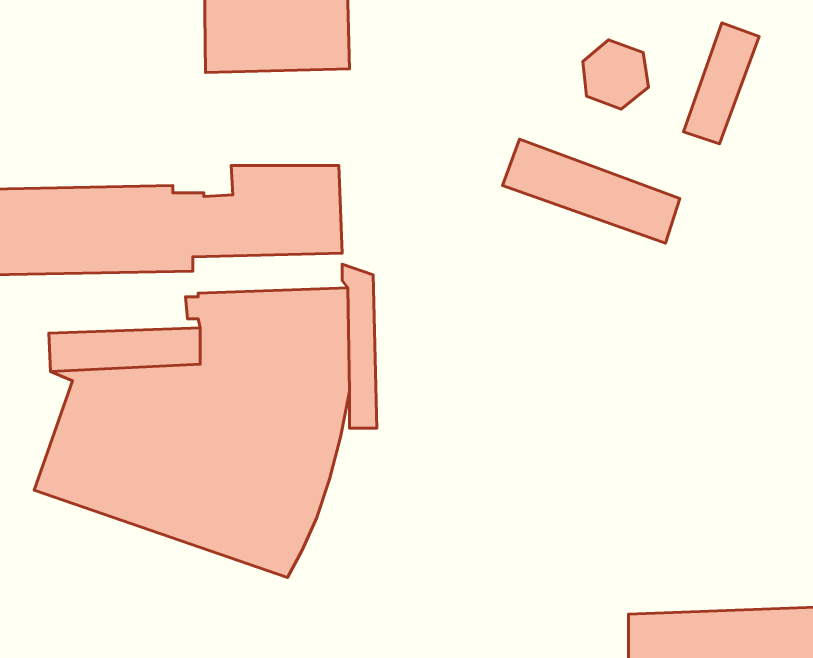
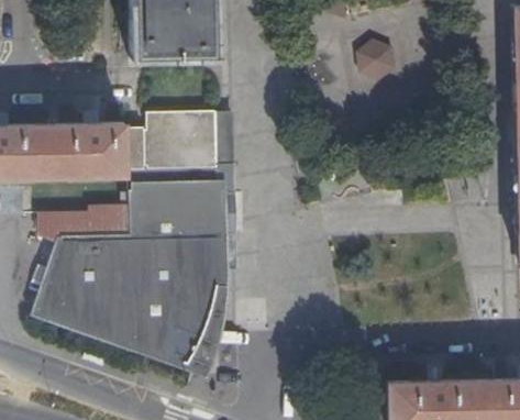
building: [684,23,759,144] -> none
building: [503,139,680,243] -> none
building: none -> [123,166,217,190]

